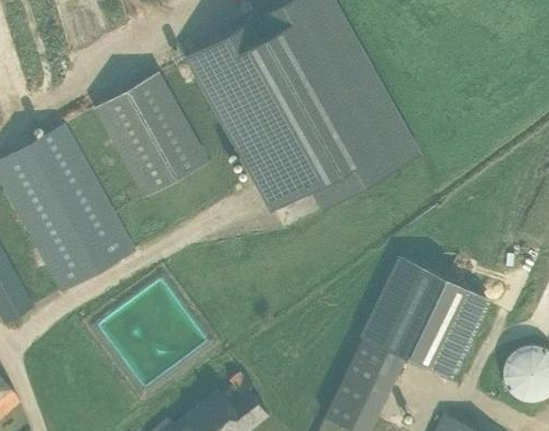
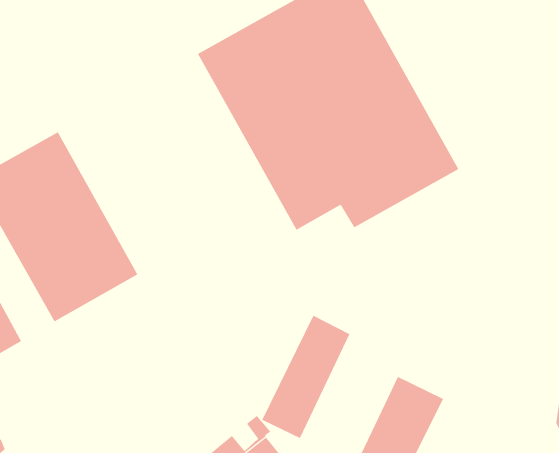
building: [96,74,207,198] -> none
building: [363,258,486,379] -> none
building: none -> [262,315,350,439]

